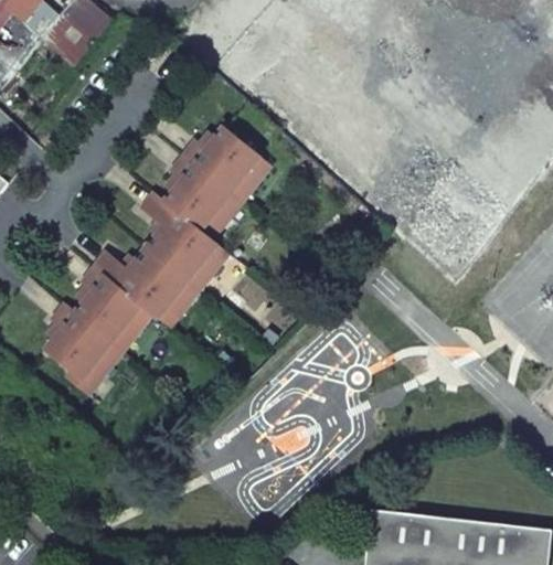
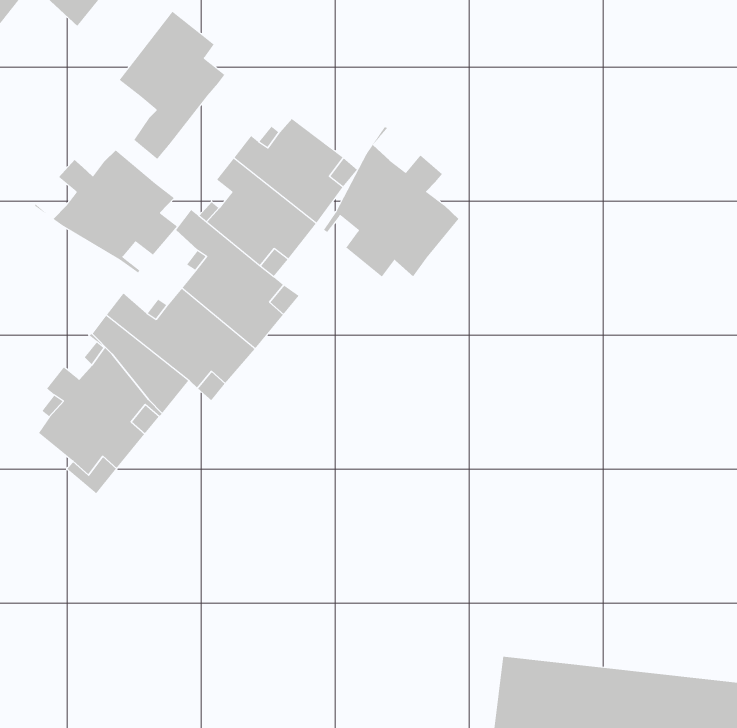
building: none -> [119,11,225,160]
building: none -> [323,127,459,277]
building: none -> [35,150,178,274]

